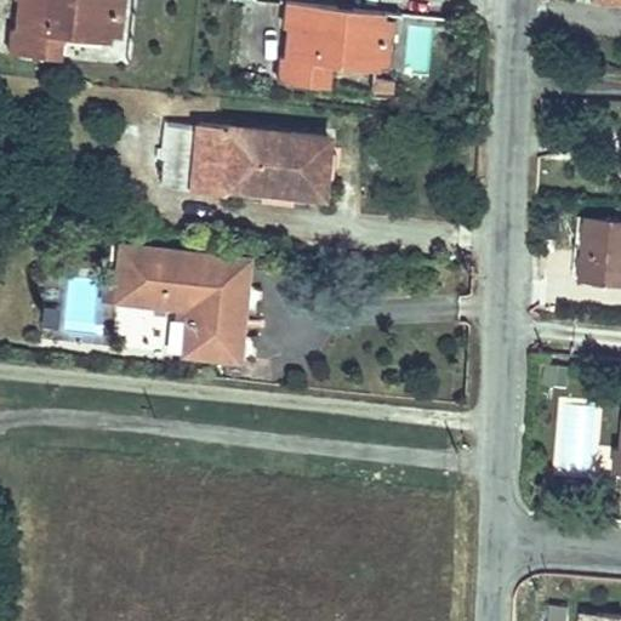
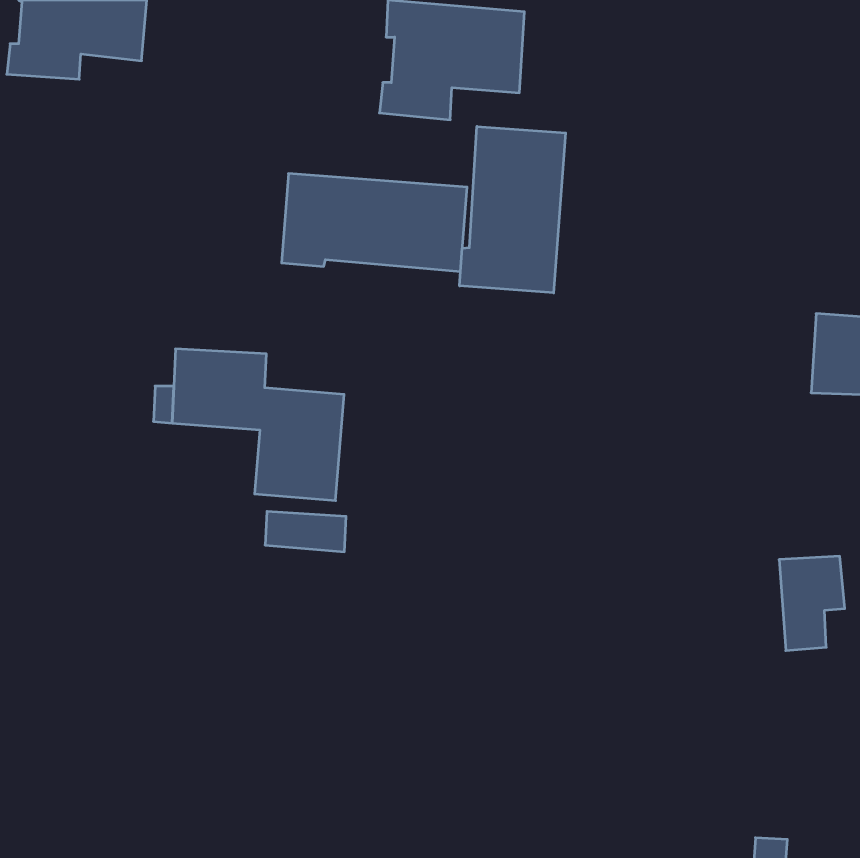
building: none -> [460,126,566,293]
building: [171,125,209,192] -> none
building: [192,257,250,286] -> [265,511,346,552]

